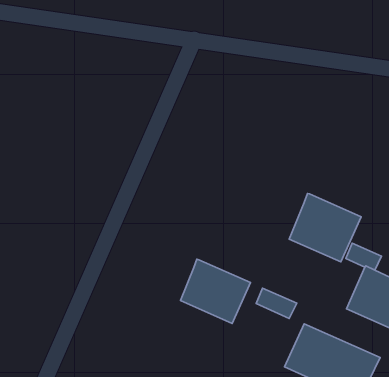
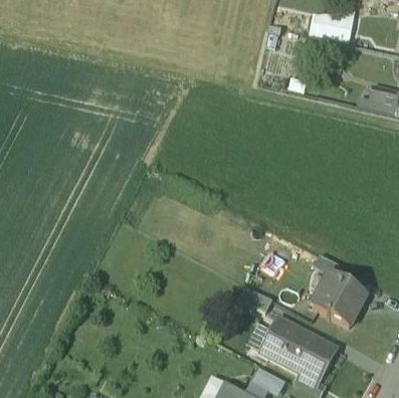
building: [289,193,361,262] -> none
building: [181,259,250,323] -> none

